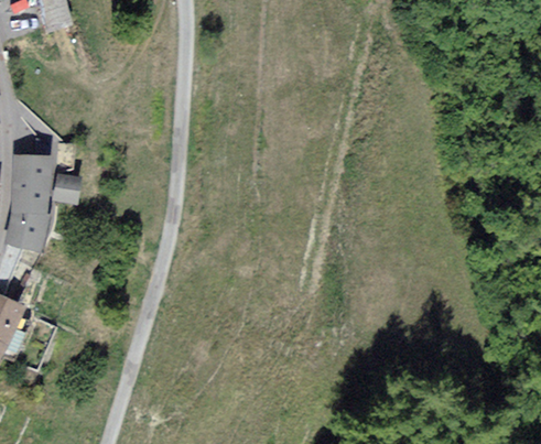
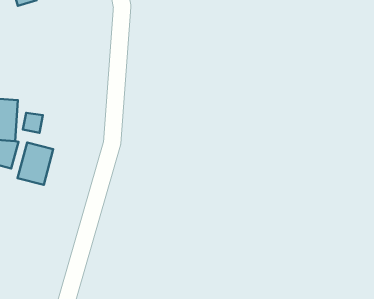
building: none -> [18,142,53,185]

